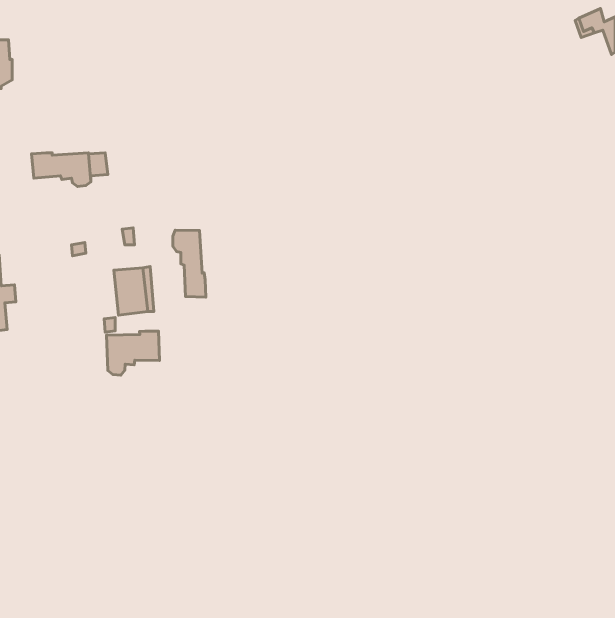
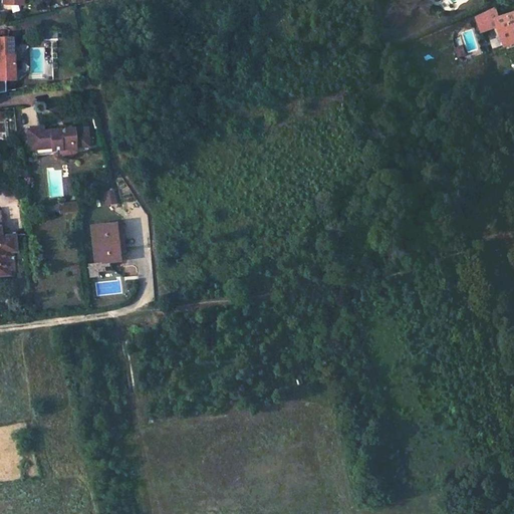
building: [173,230,206,297] -> none
building: [106,331,160,375] -> none

